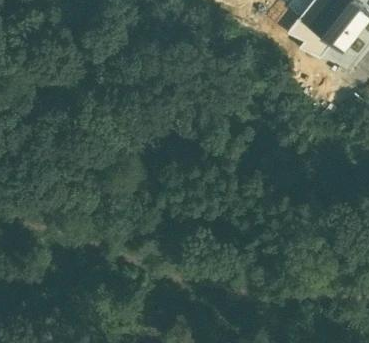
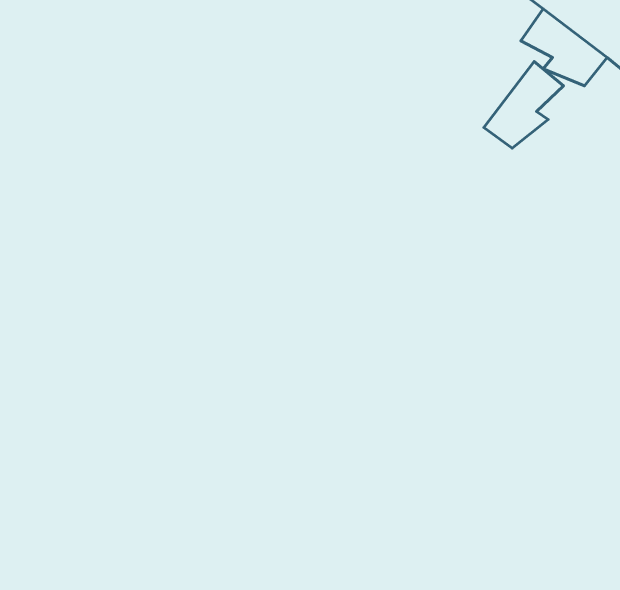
building: none -> [484,61,564,148]

